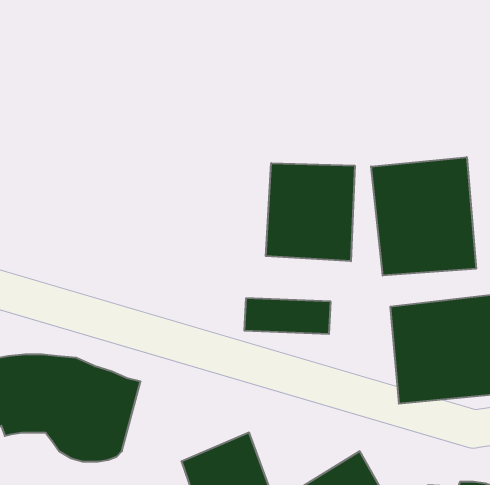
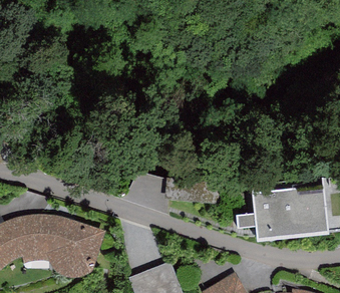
building: [371,157,476,276] -> none
building: [266,163,355,261] -> none

